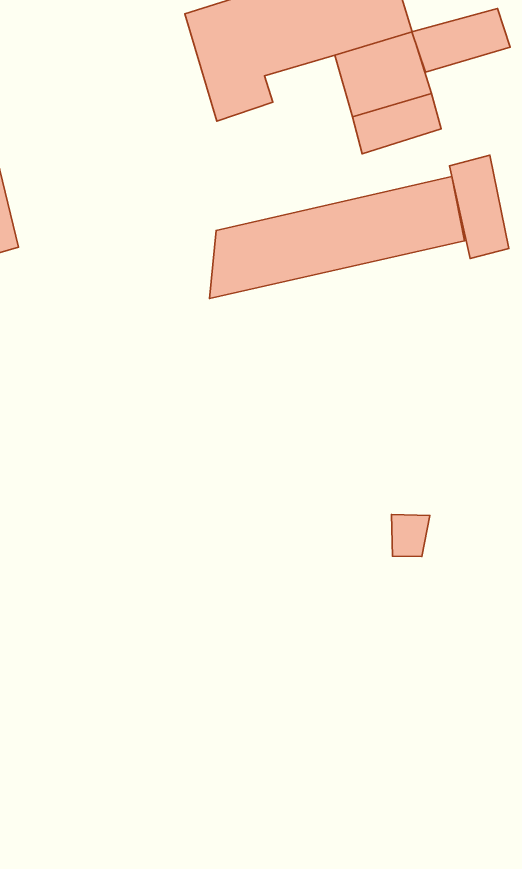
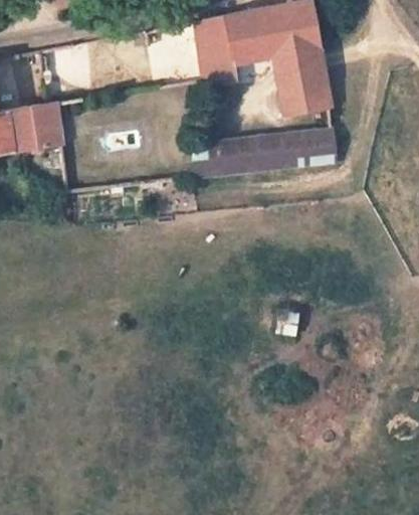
building: [412,8,510,72] -> none
building: [449,155,509,258] -> none

